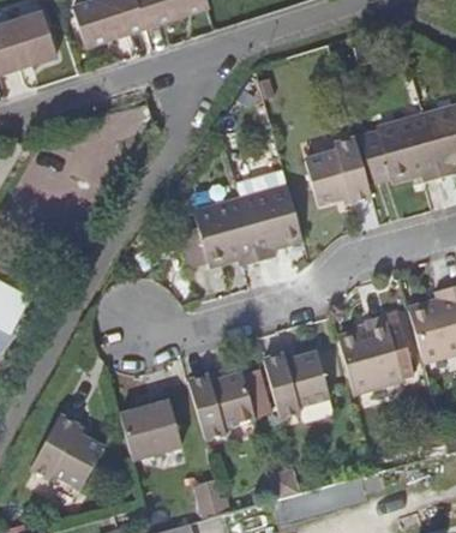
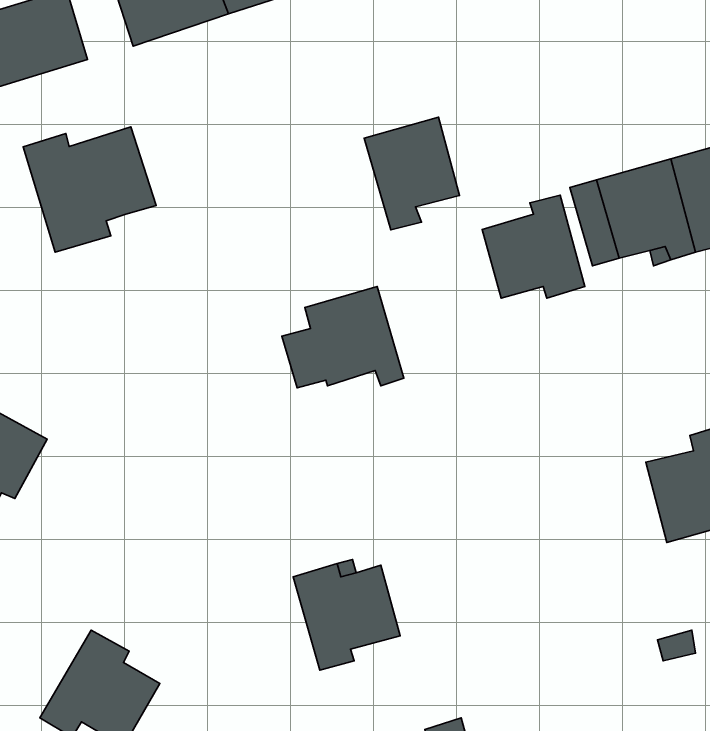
building: none -> [23,127,156,252]
building: [240,186,300,257] -> [364,117,459,230]
building: [337,317,403,395] -> none
building: [262,351,332,420] -> none
building: [119,396,181,462] -> none

